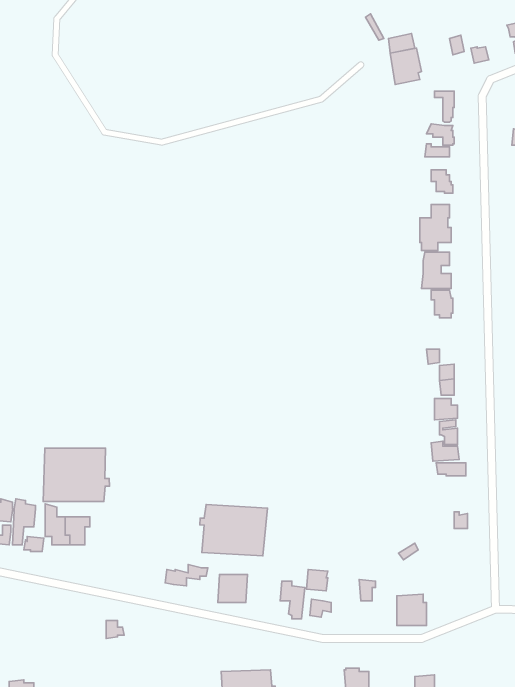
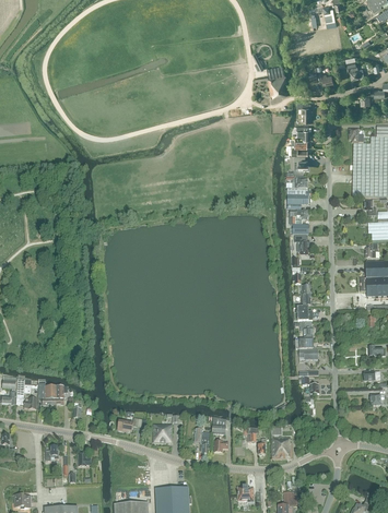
building: [43,448,109,501] -> none
building: [200,505,267,556] -> none

